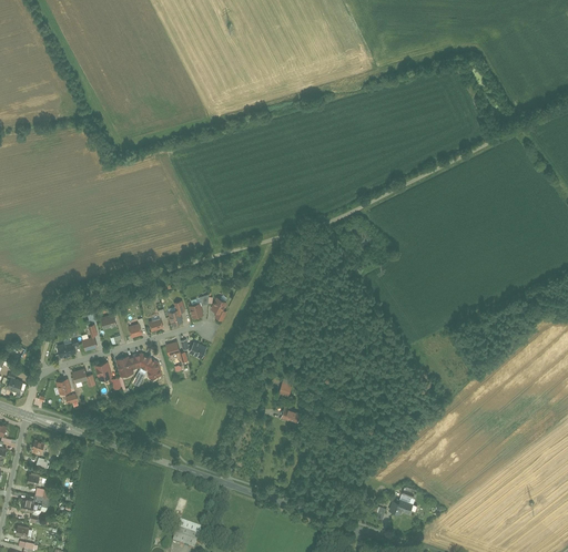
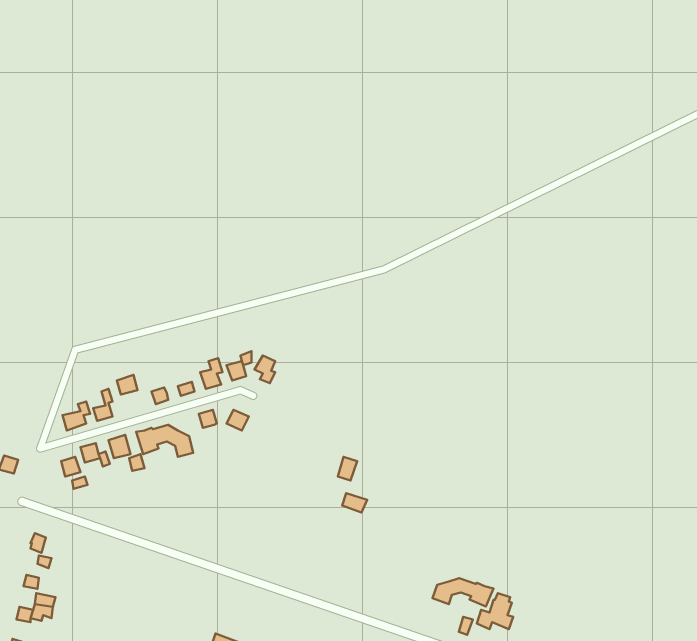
building: none -> [432,578,493,607]

